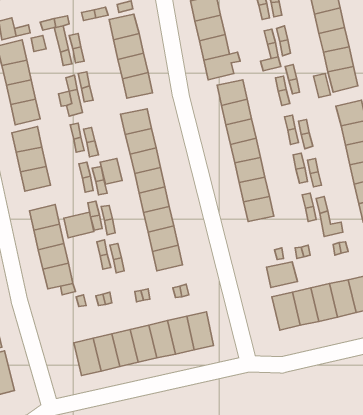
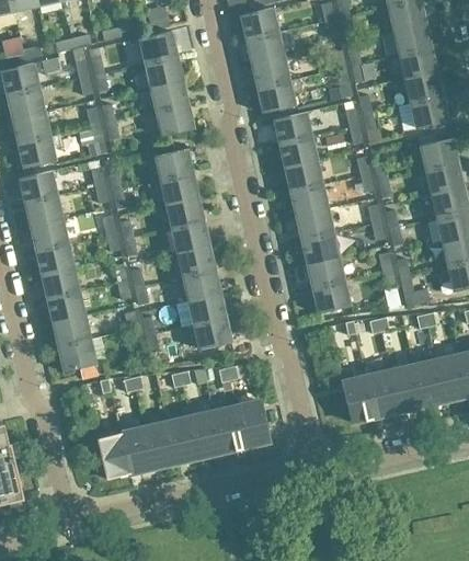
building: [100,159,122,184] -> none
building: [64,212,94,238] -> [35,242,72,274]
building: [267,262,298,288] -> [311,280,350,312]

